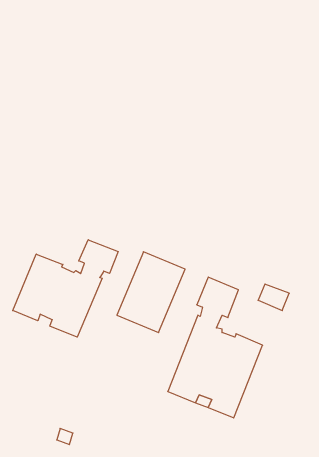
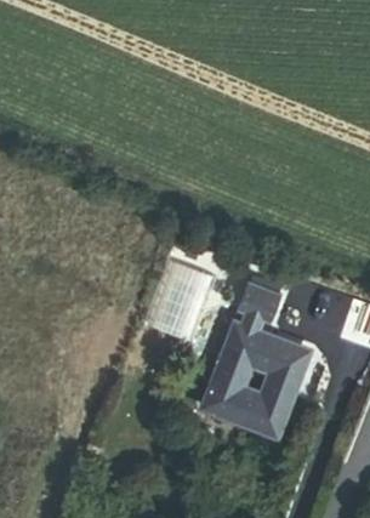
building: [13,240,118,337] -> none

